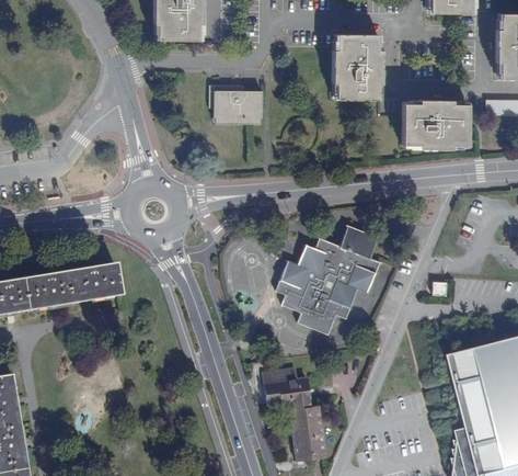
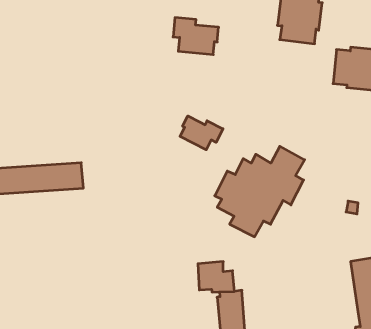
building: none -> [180,116,223,150]

